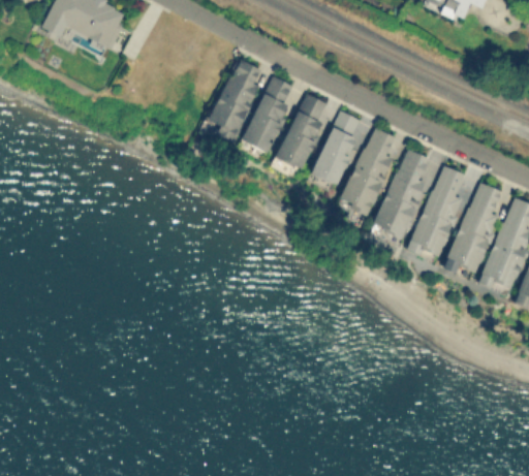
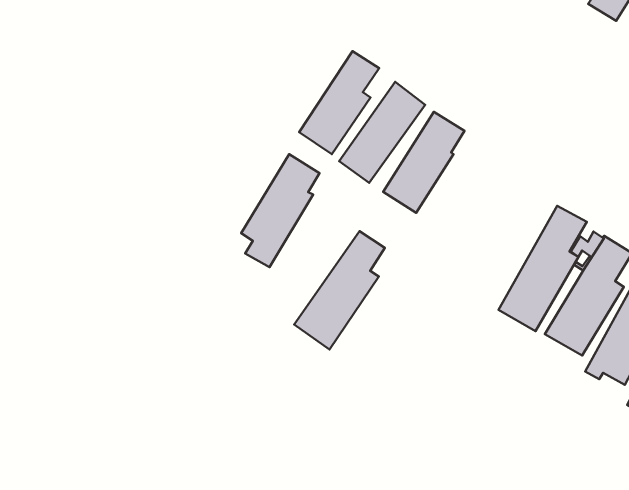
building: [211,58,261,144] -> [241,154,320,267]
building: [338,128,396,219] -> [294,231,385,350]
building: [374,148,430,240] -> none

